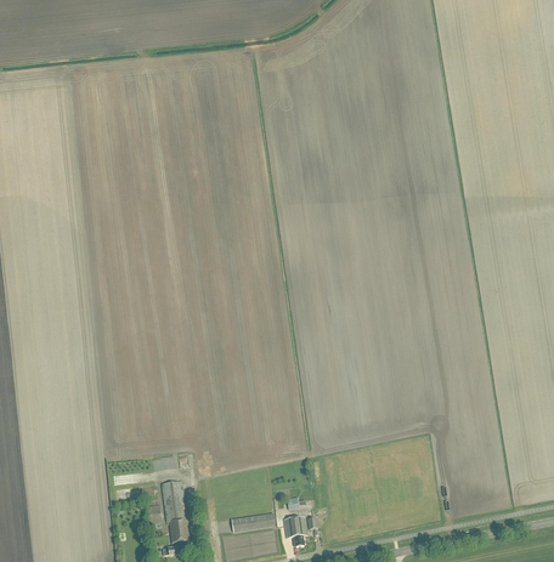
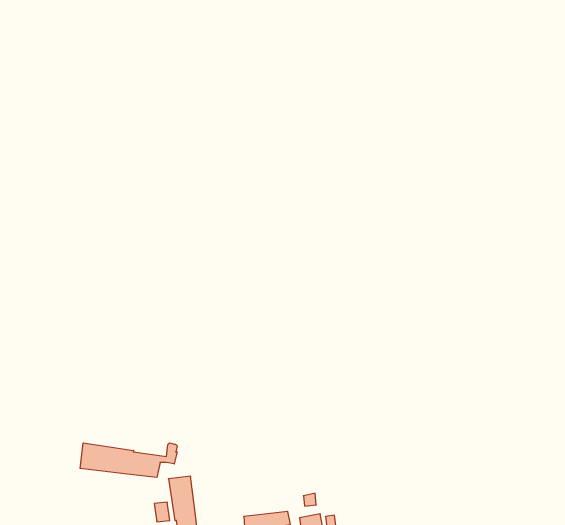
building: none -> [80,443,177,477]

